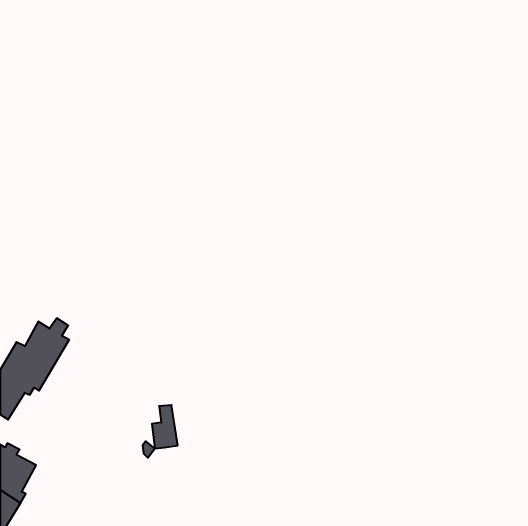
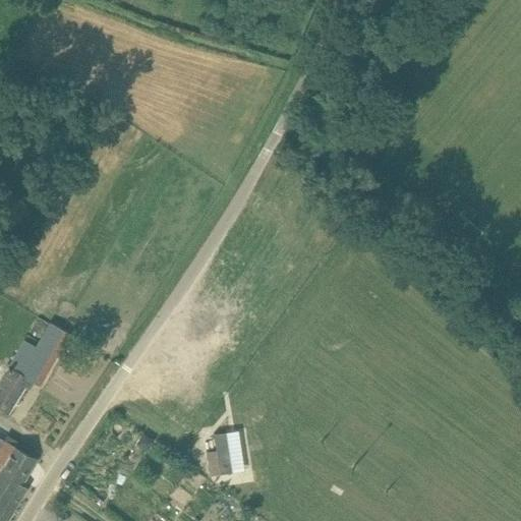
building: [152,405,178,448] -> [207,435,232,477]

